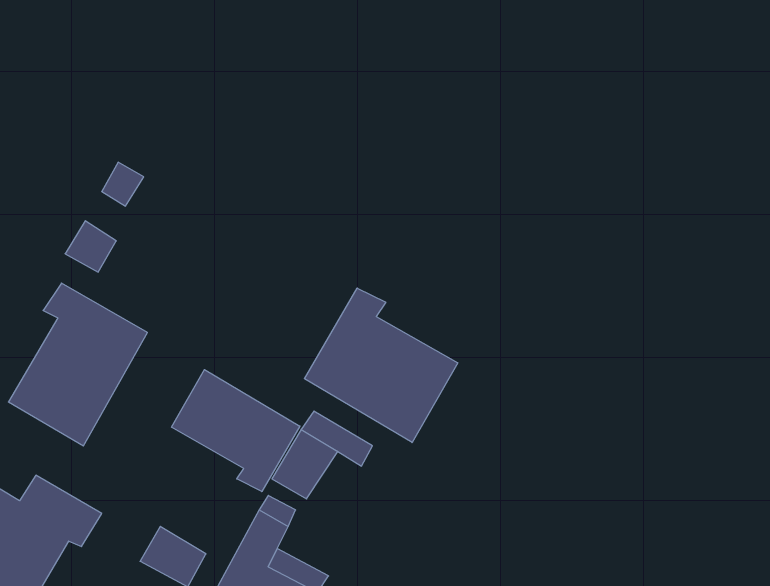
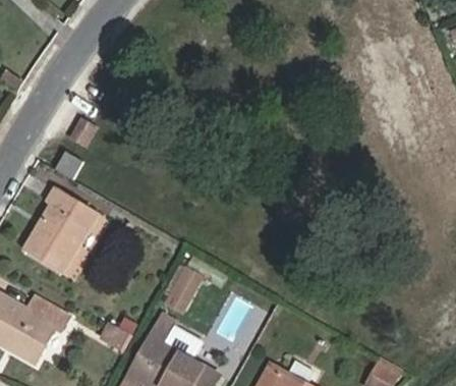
building: [304,288,458,443] -> none
building: [172,370,300,492] -> none

